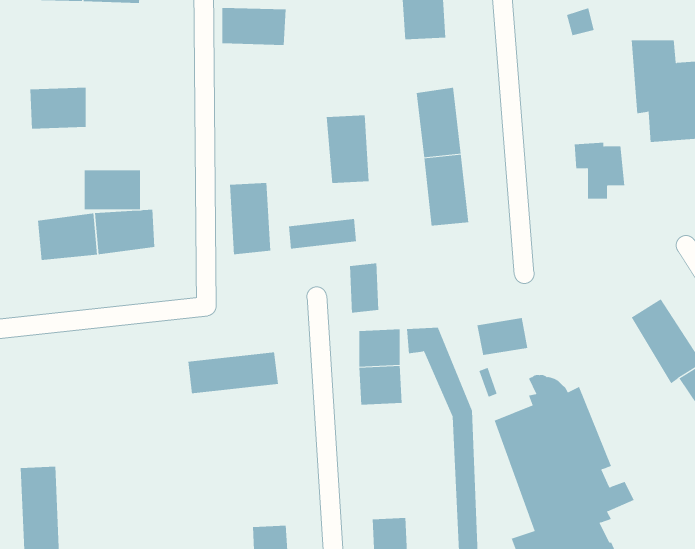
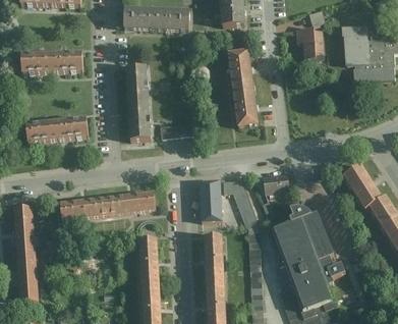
building: none -> [158,8,190,30]
building: [326,115,369,183] -> [125,65,149,102]
building: [574,142,625,199] -> [295,26,323,57]
building: [84,170,141,210] -> [52,50,82,71]
building: [349,262,379,314] -> none
building: none -> [59,197,108,219]
building: none -> [13,208,36,254]
building: none -> [203,234,223,281]
building: none -> [138,237,159,285]

